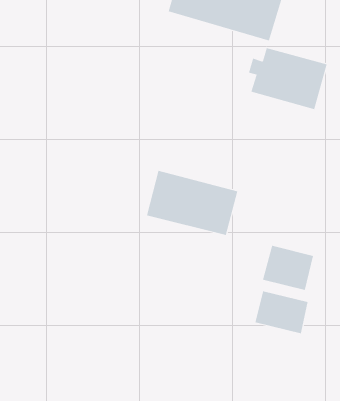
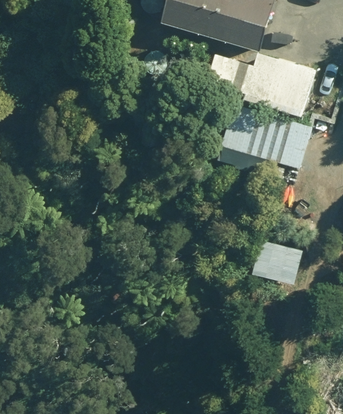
building: [146,170,238,236] -> [223,106,310,168]
building: [255,291,308,334] -> none

